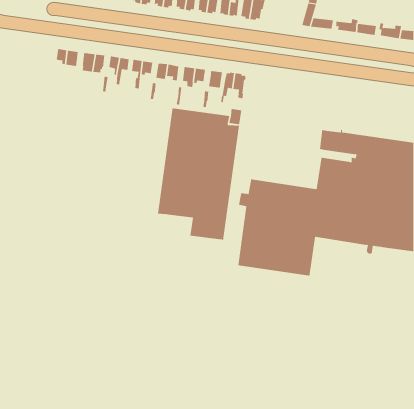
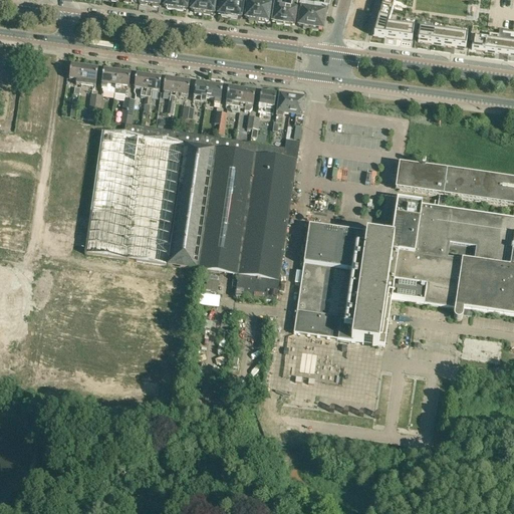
building: none -> [84,120,213,265]

